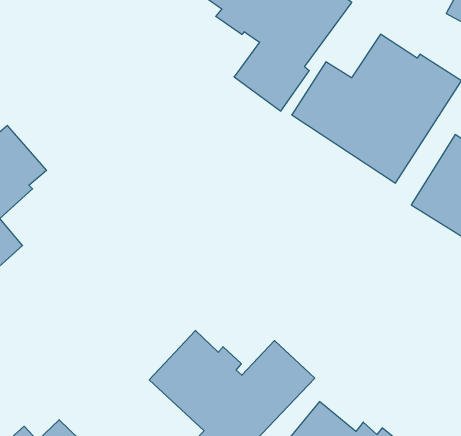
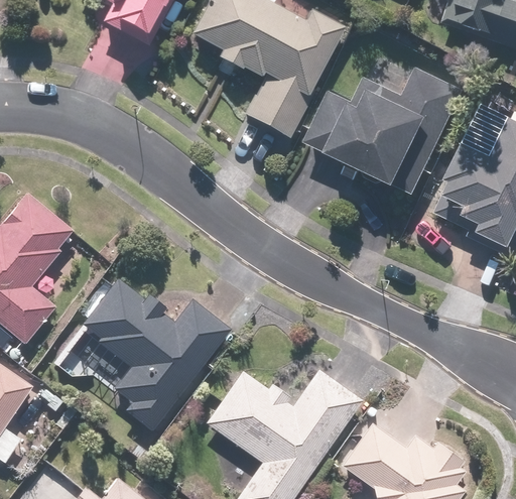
building: none -> [66,274,232,430]

